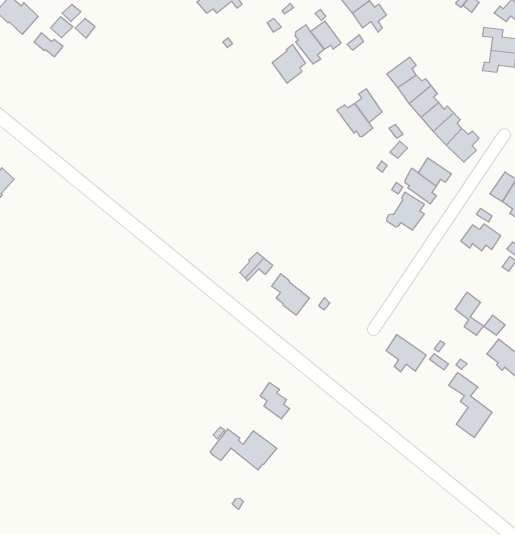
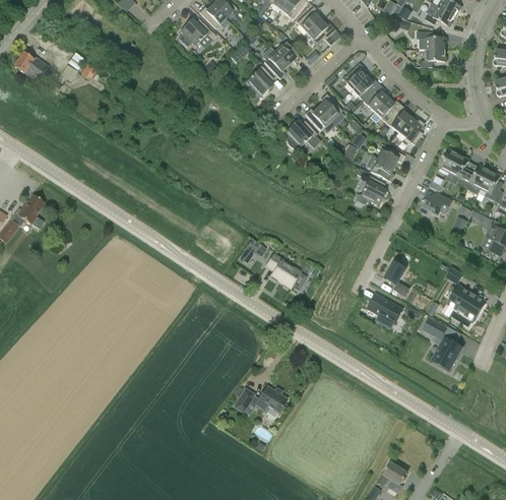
building: none -> [284,120,321,149]
building: [455,292,484,335] -> [383,262,408,297]
building: [260,383,290,419] -> none

